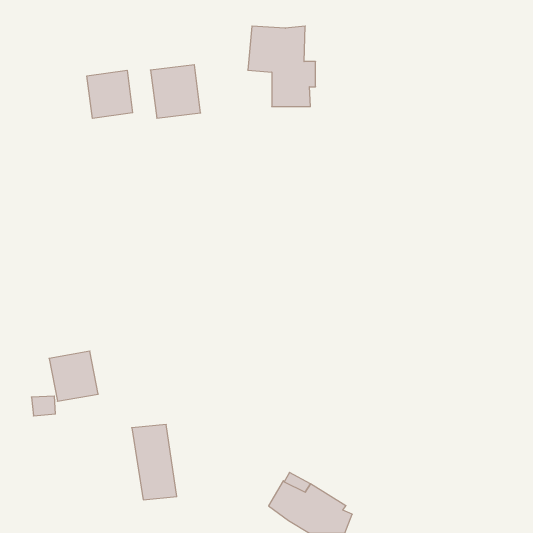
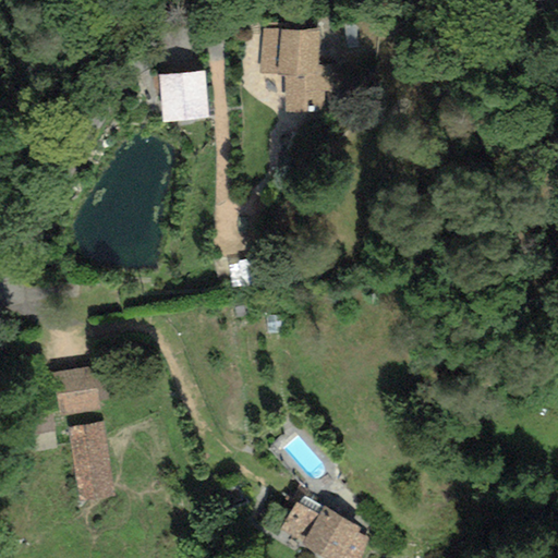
building: [87,70,133,118] -> none
building: [132,425,177,500] -> [68,423,114,501]

